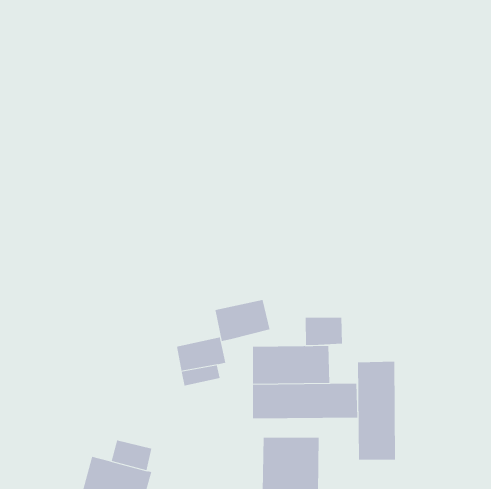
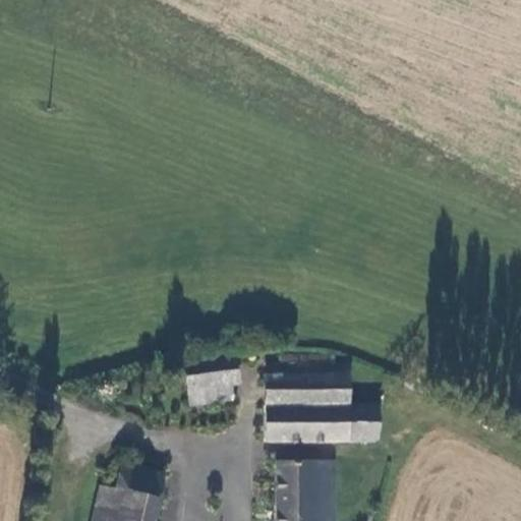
building: [215,299,270,342] -> none
building: [305,317,343,346] -> none
building: [358,361,396,461] -> none

